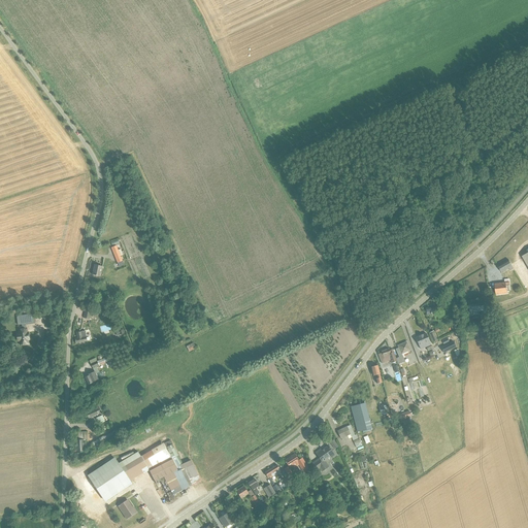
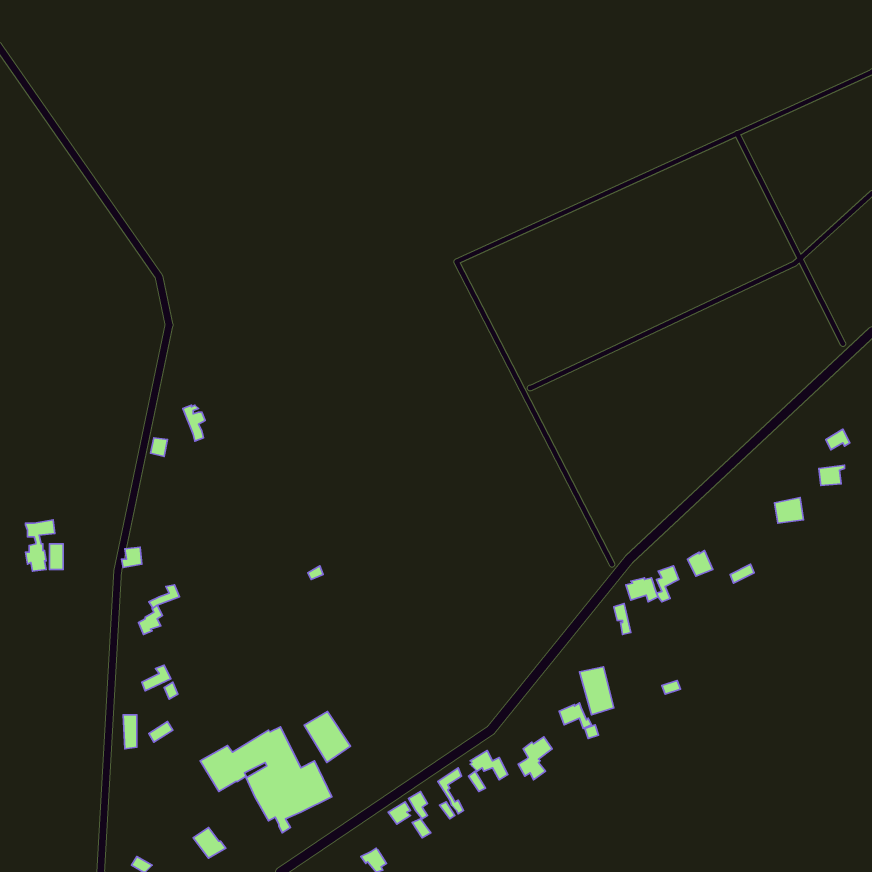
building: none -> [304,711,351,763]
building: [88,458,130,500] -> none

